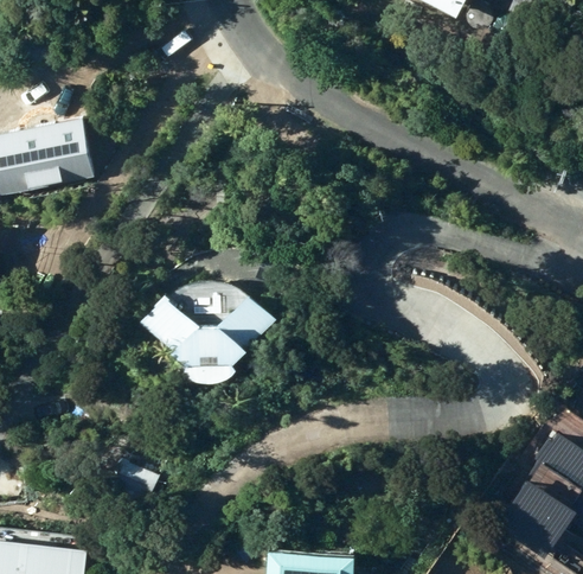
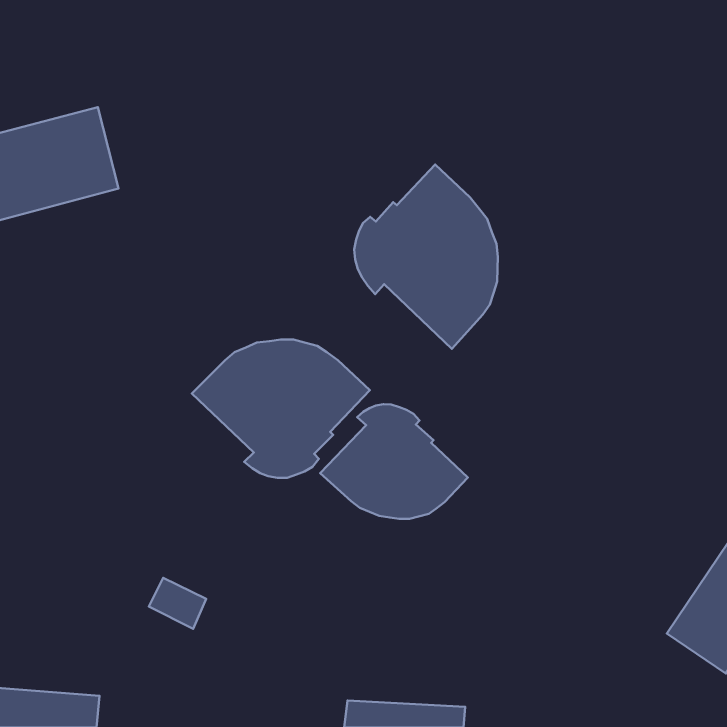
building: none -> [354,164,498,349]
building: none -> [320,404,468,519]

